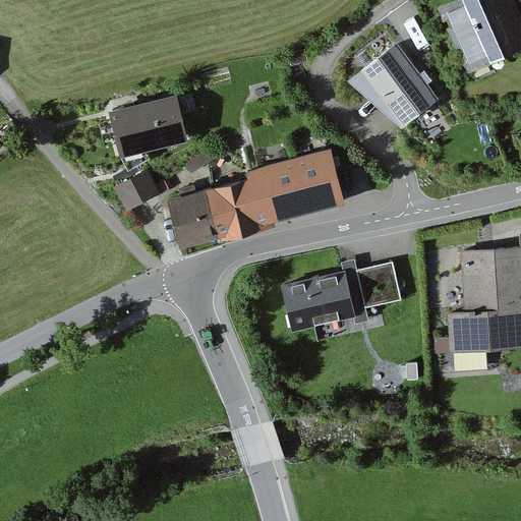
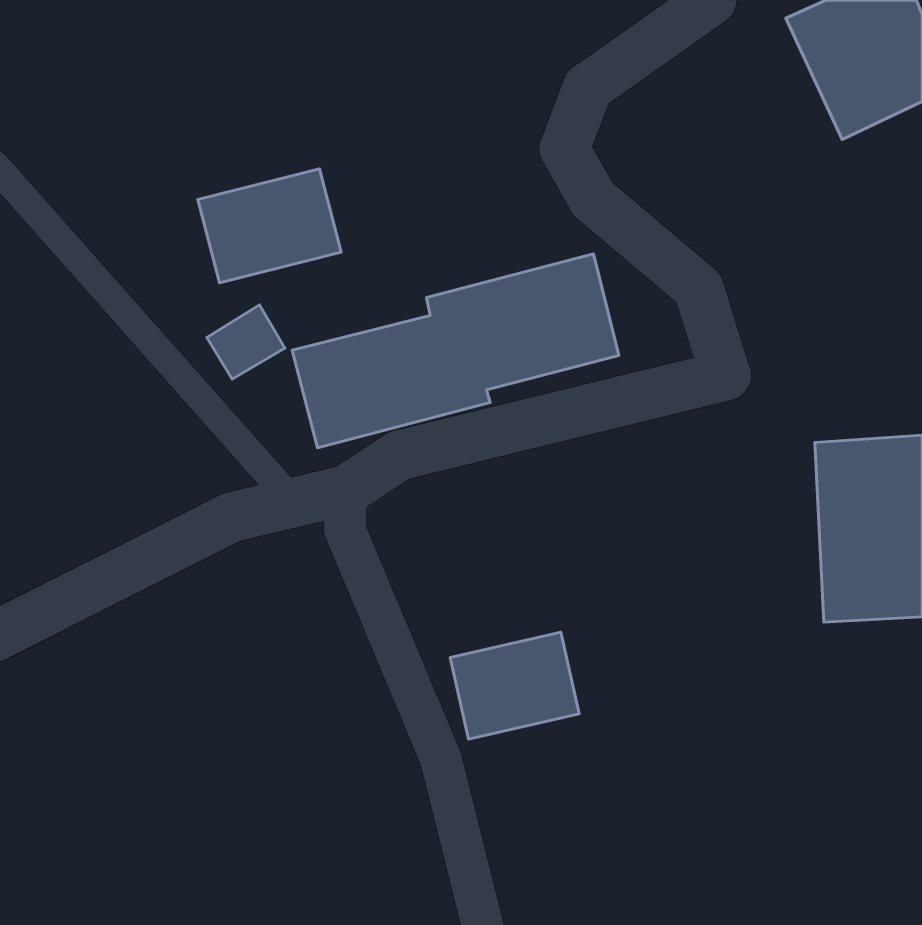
building: [363,47,445,129] -> none
building: [354,260,399,306] -> none
building: [278,270,350,330] -> [450,632,579,739]

